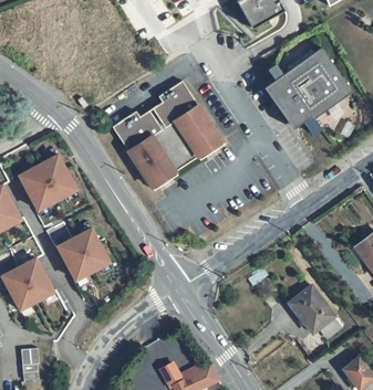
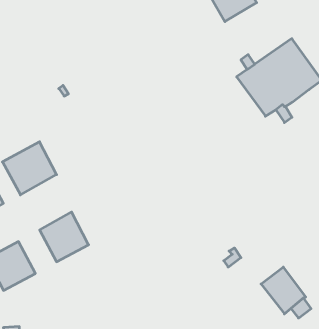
building: [113,84,225,193] -> none

